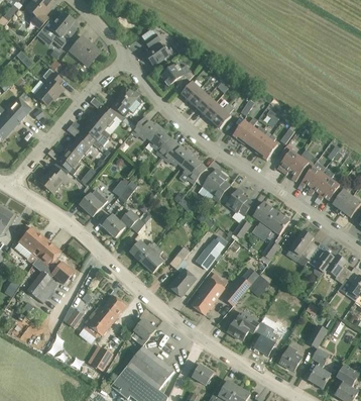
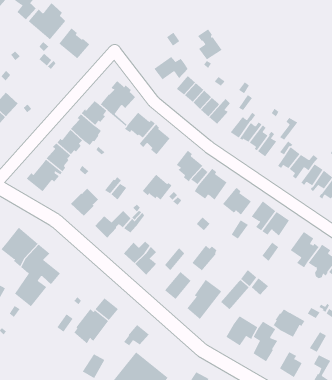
building: [144,34,168,65] -> [197,29,222,60]
building: [33,68,64,105] -> none
building: [162,141,192,167] -> [142,174,173,200]
building: none -> [273,308,305,338]

